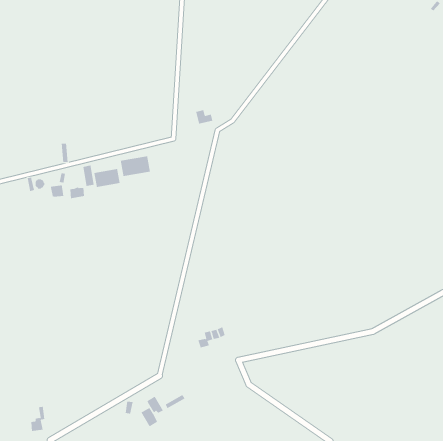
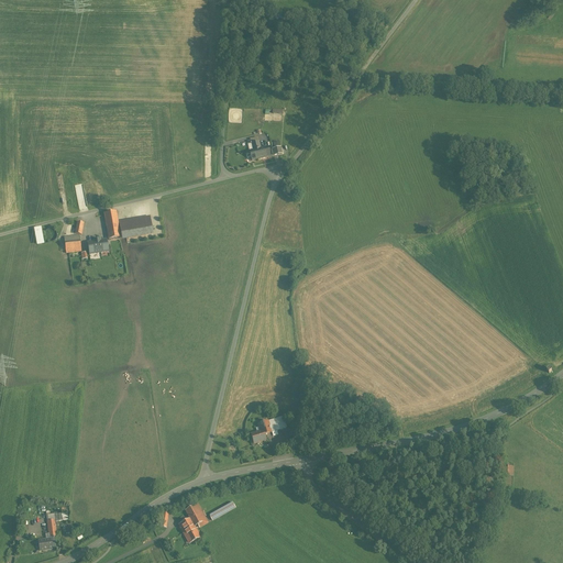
building: [120,155,150,177] -> none

